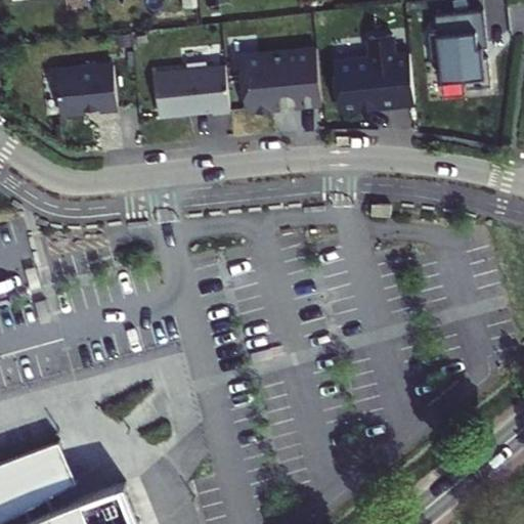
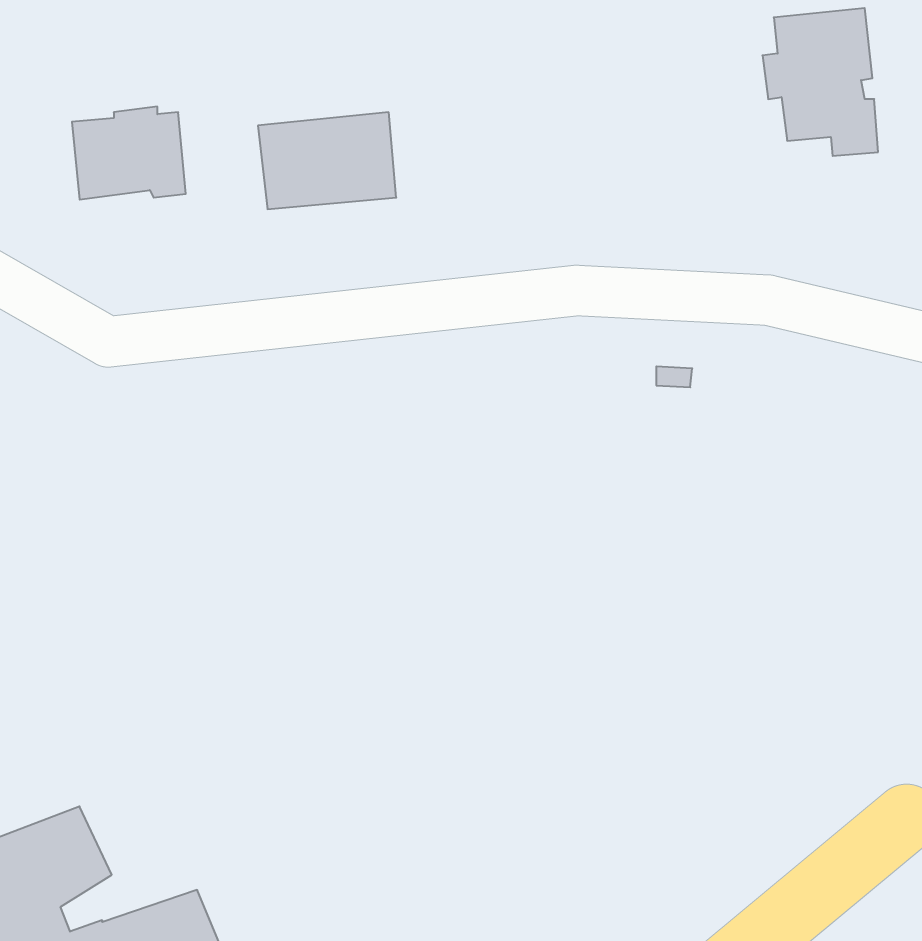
building: [331,37,411,113] -> none
building: [237,50,319,112] -> none

